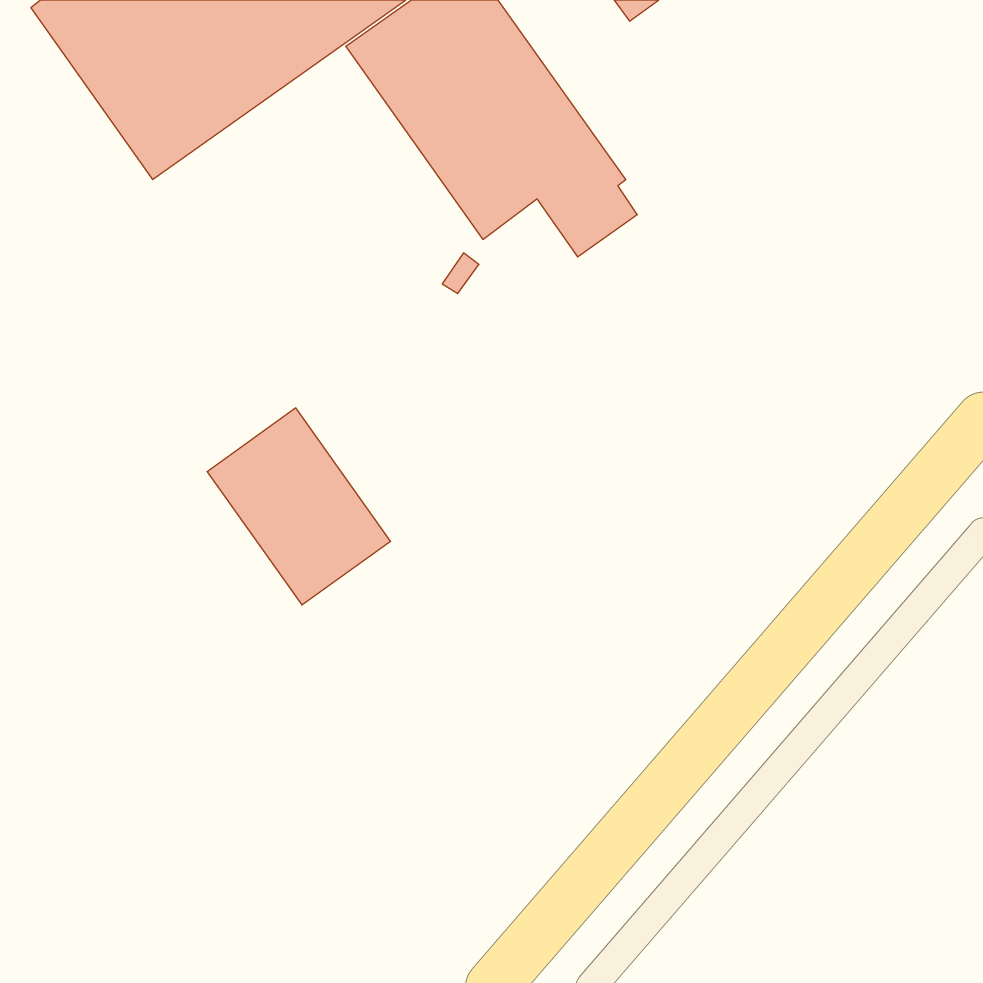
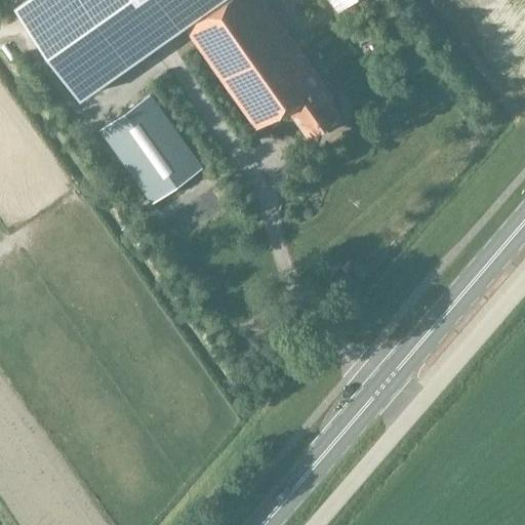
building: [207,408,391,605] -> [102,96,199,201]

